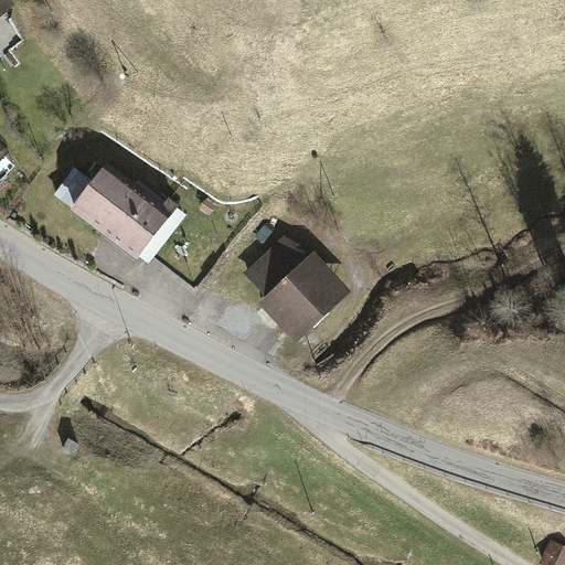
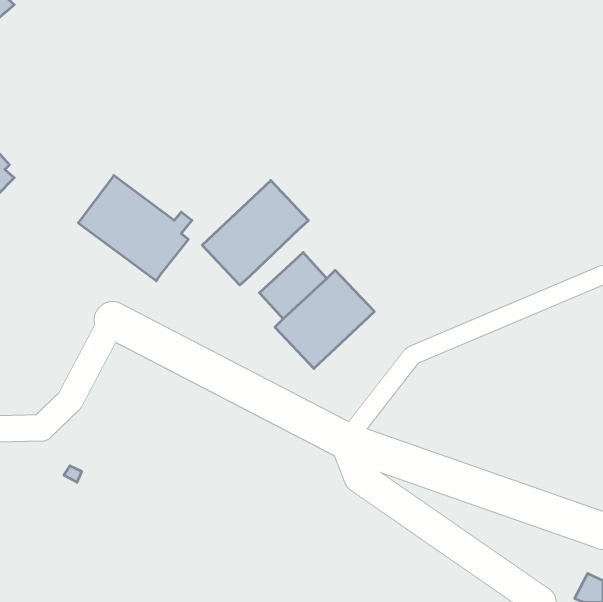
building: none -> [202,180,308,285]

